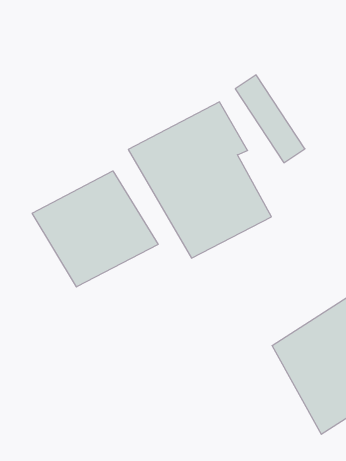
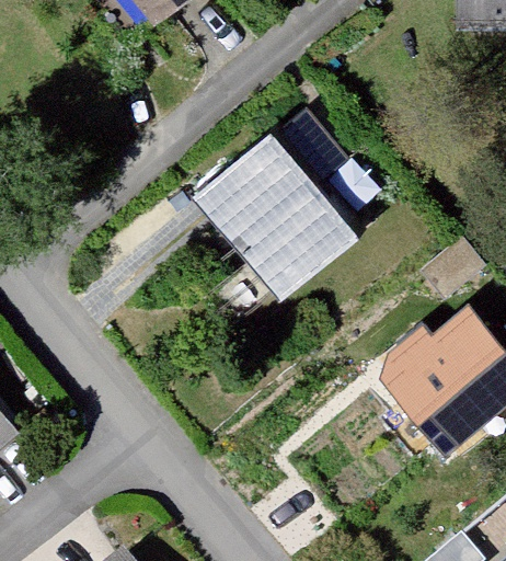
building: [32,171,158,287] -> none

